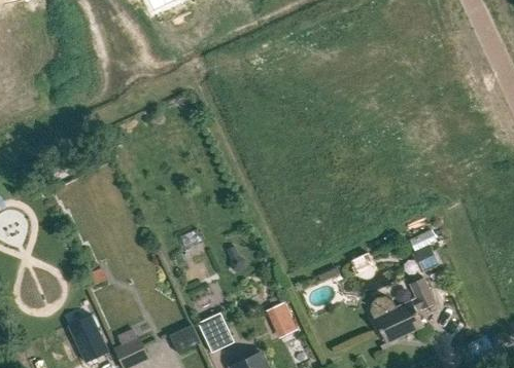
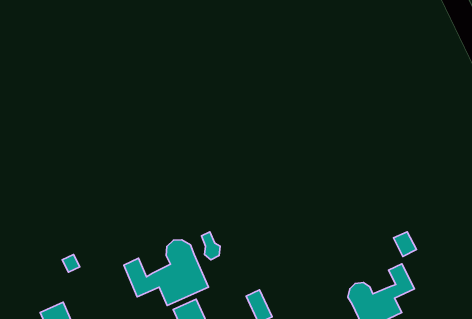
building: none -> [124,240,208,306]

